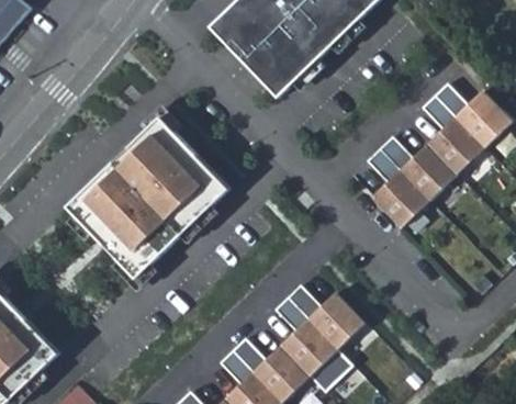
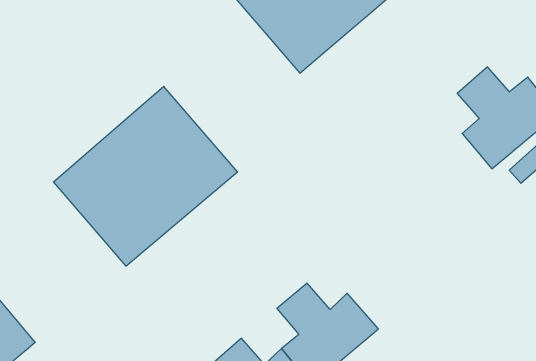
building: [363,136,455,226] -> none

